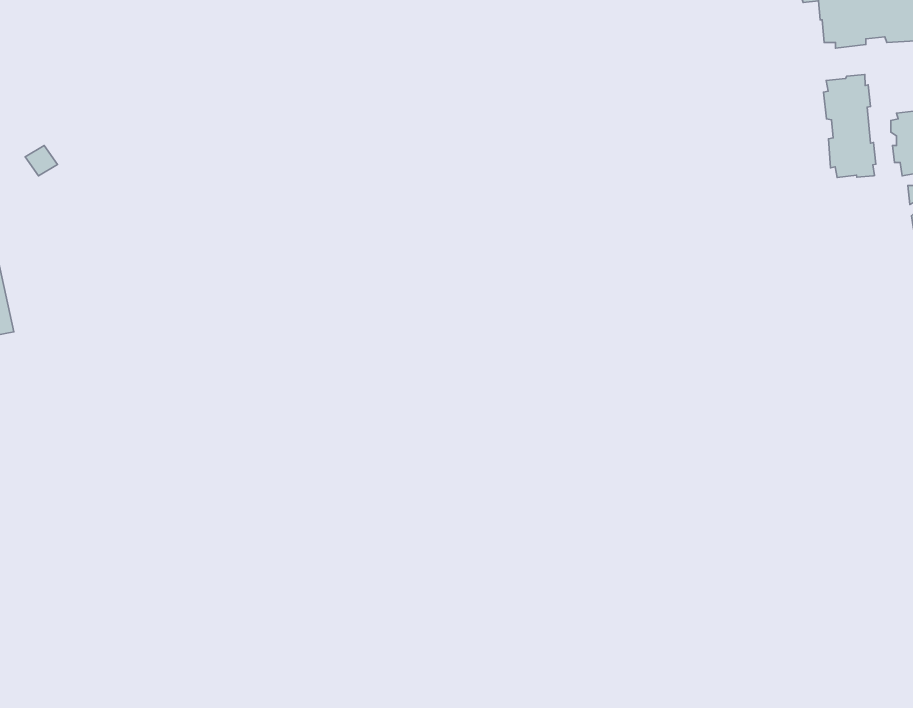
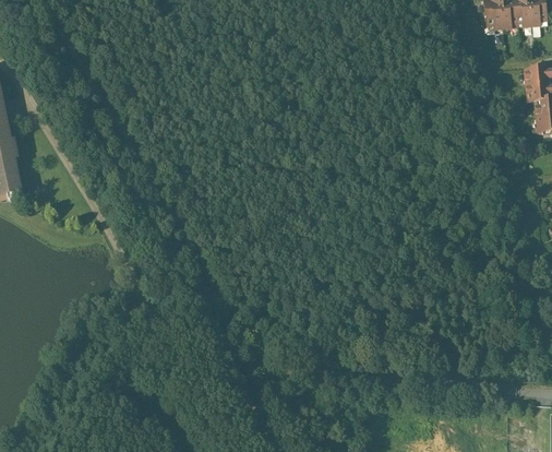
building: [823,75,876,177] -> none

